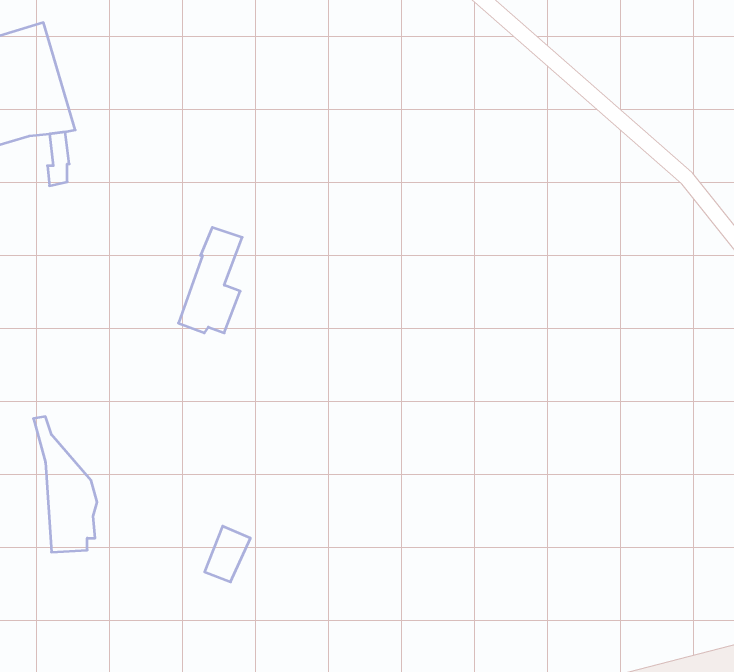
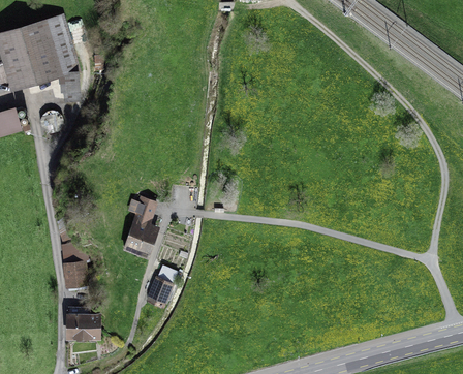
building: [178,227,242,333] -> [123,198,156,253]
building: none -> [67,315,98,337]

